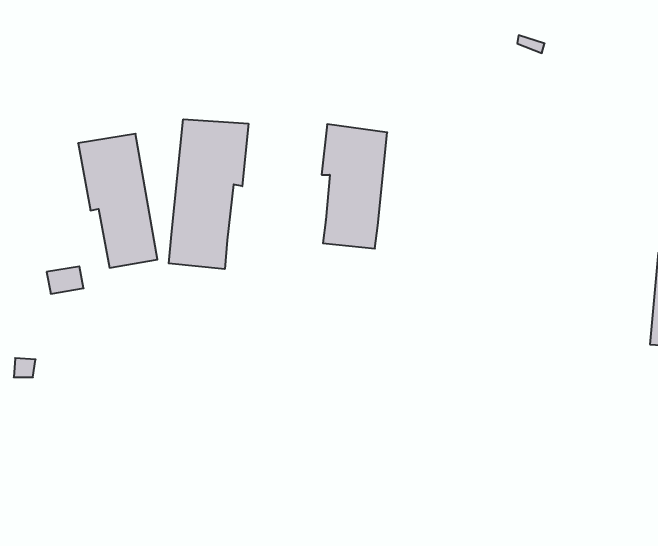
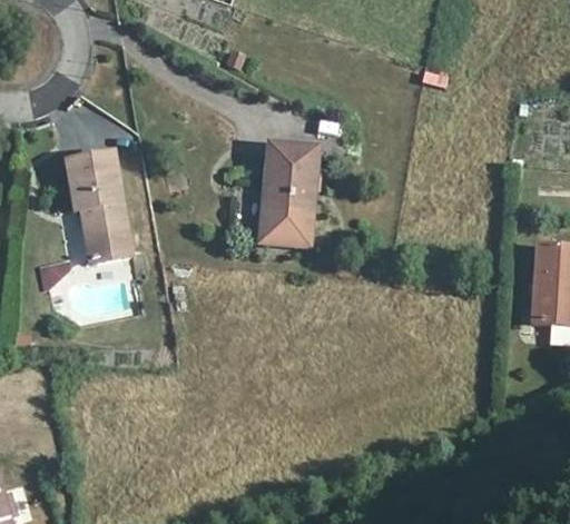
building: [169,119,248,269] -> none

